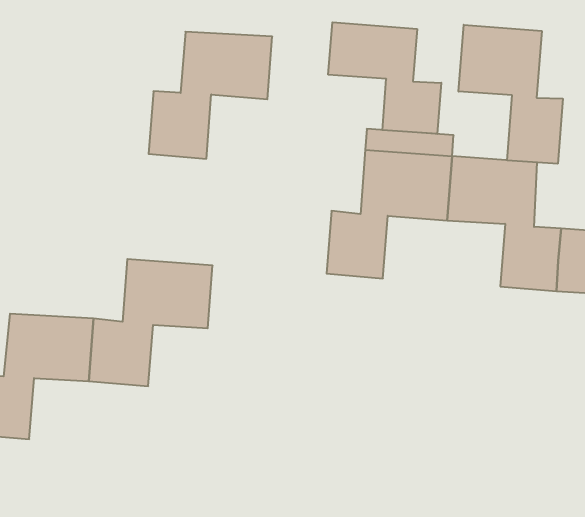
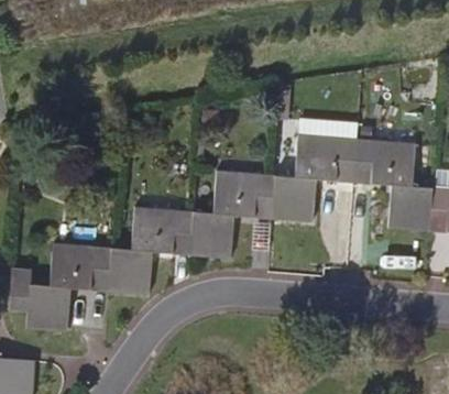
building: [328,22,441,134] -> none
building: [459,25,563,164] -> none
building: [149,32,272,159] -> [189,172,274,259]

